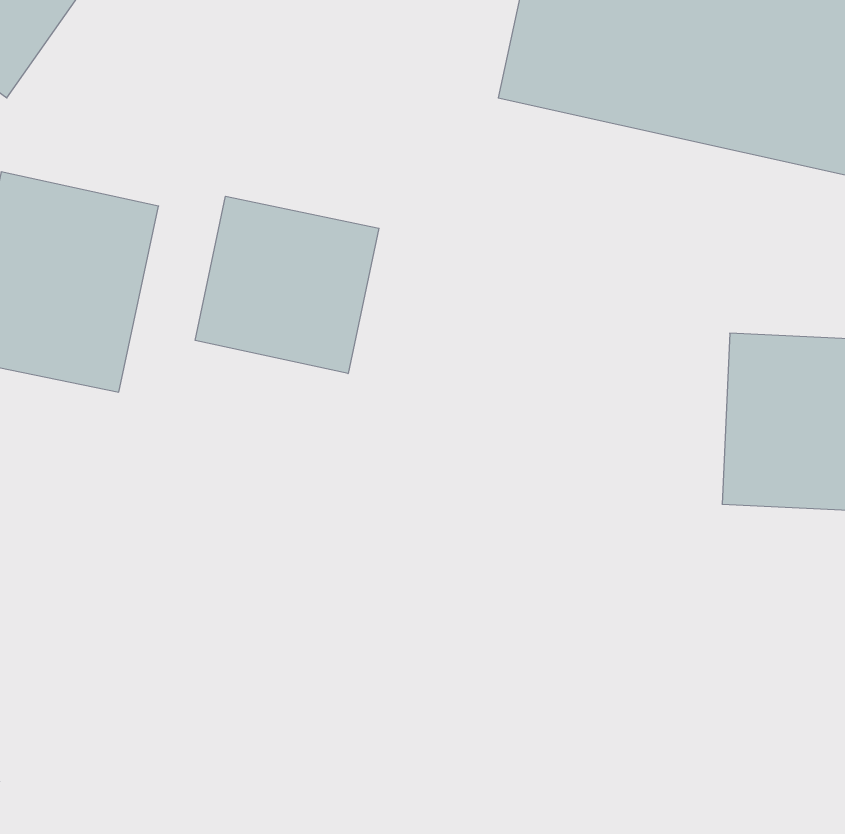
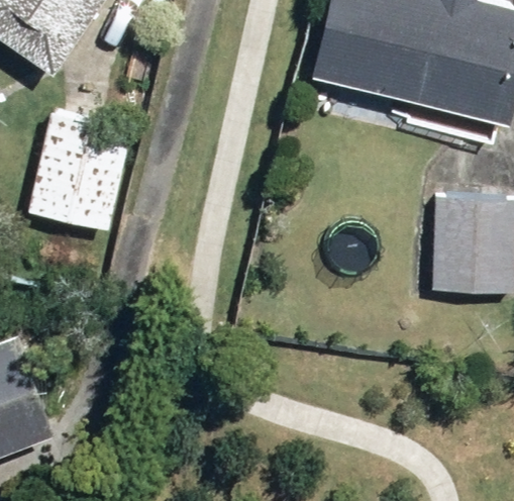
building: [195,196,379,374] -> none

